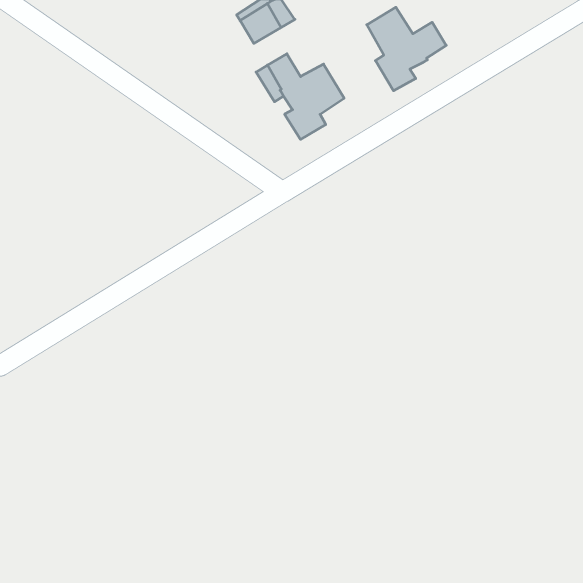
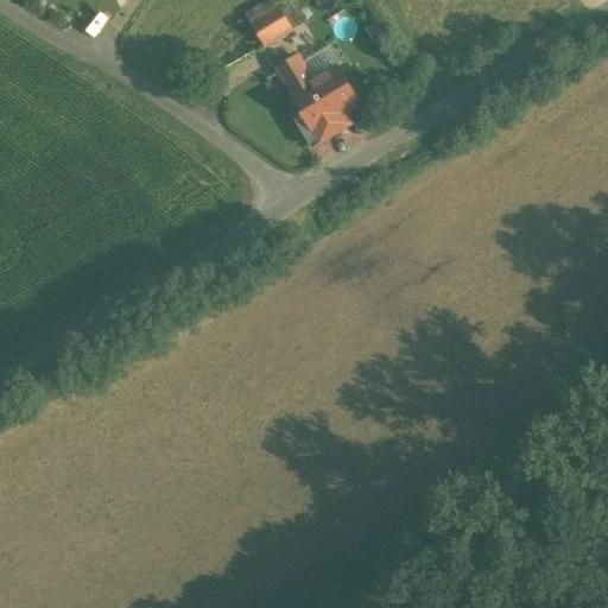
building: [367,7,446,91] -> none

